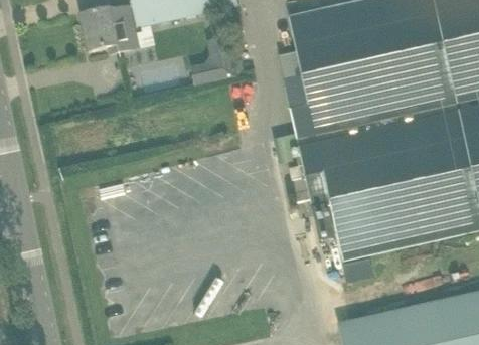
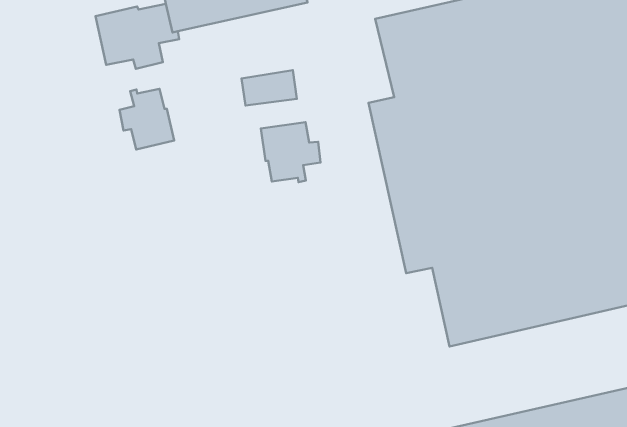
building: none -> [119,89,174,149]
building: none -> [261,122,320,182]

